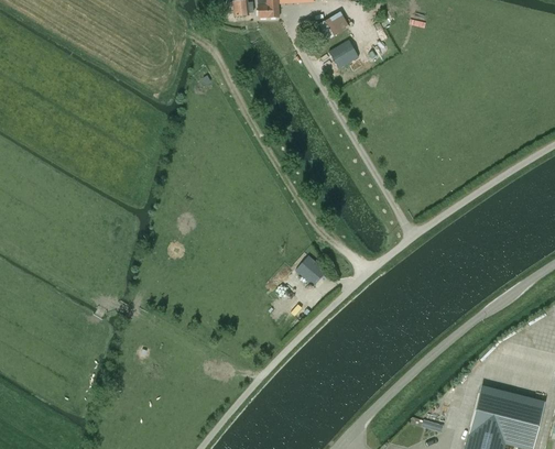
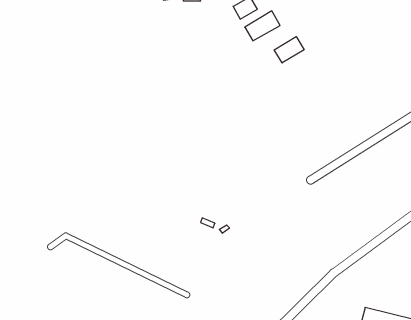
building: none -> [274,37,304,63]
building: [295,256,327,287] -> none

